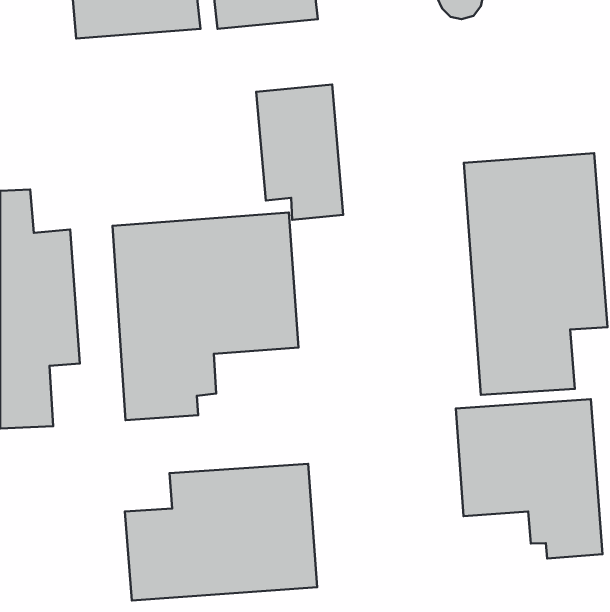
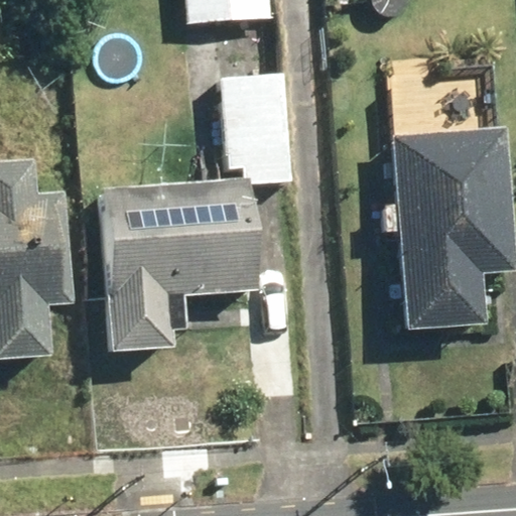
building: [456,399,602,558] -> none
building: [125,464,317,601] -> none

